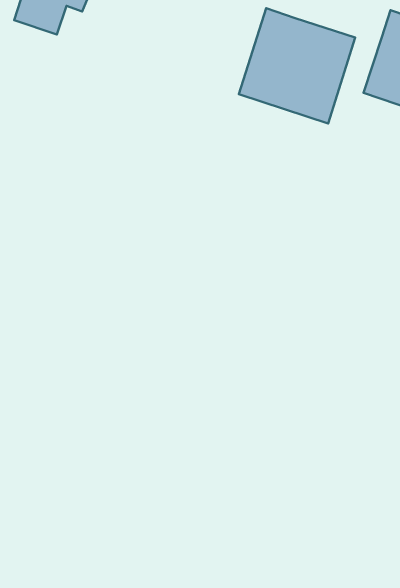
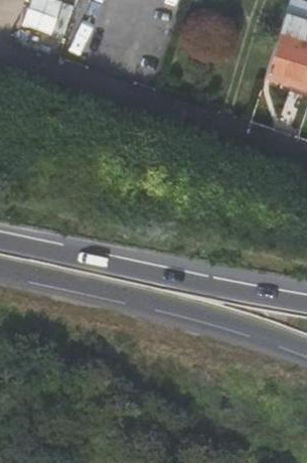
building: [239,8,355,124] -> none

